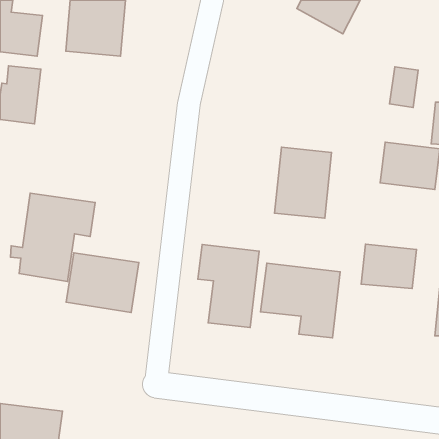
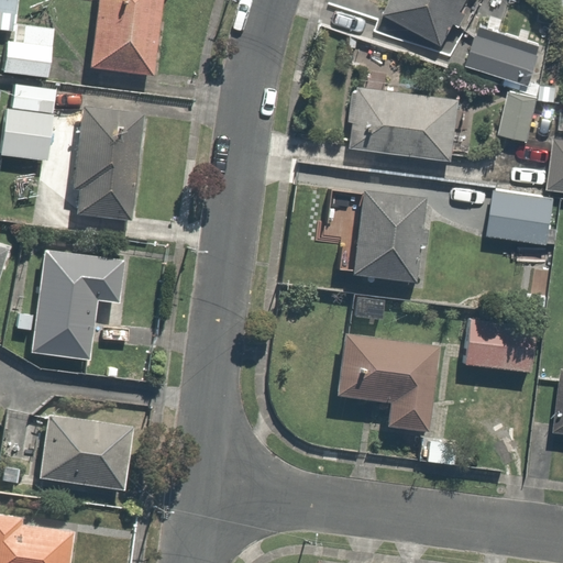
building: none -> [463,29,539,84]
building: none -> [347,38,461,152]
building: none -> [69,104,143,221]
building: [198,244,259,327] -> none
building: [66,253,139,313] -> [37,417,130,493]

